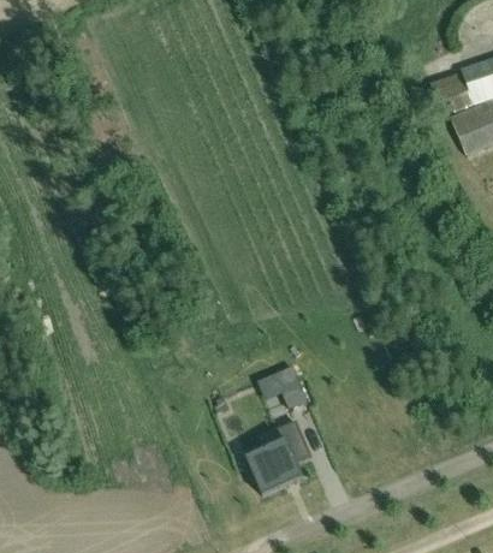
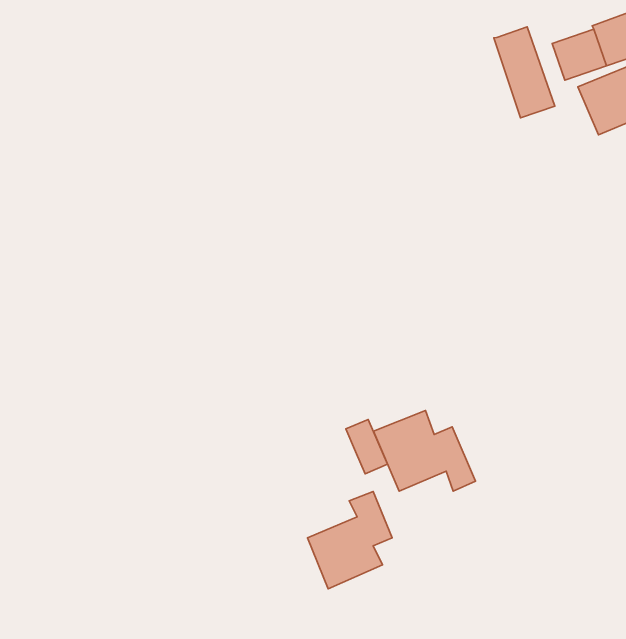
building: none -> [494,27,555,118]
building: none -> [373,411,476,491]

